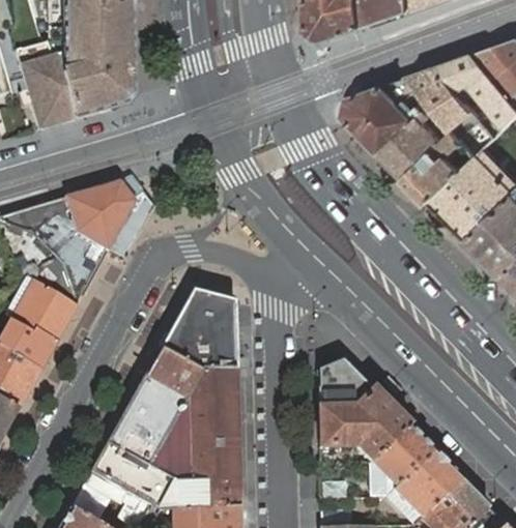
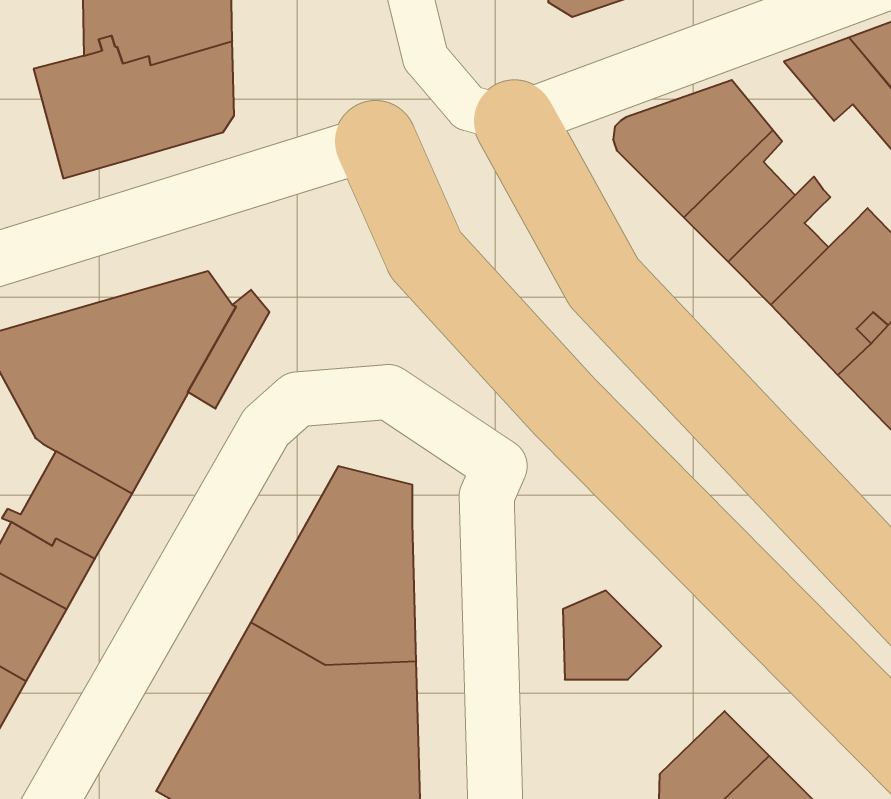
building: [413,63,487,135] -> none
building: [320,389,409,462] -> none

